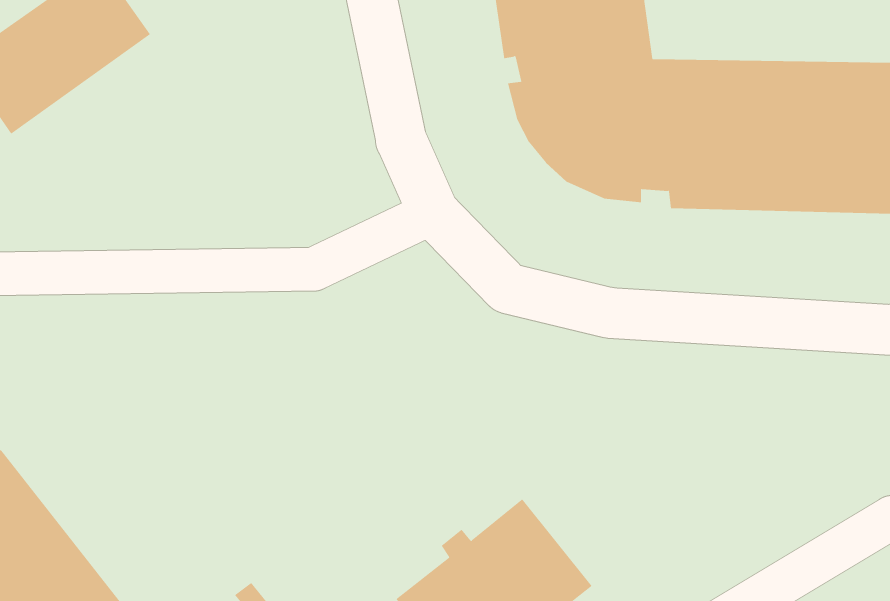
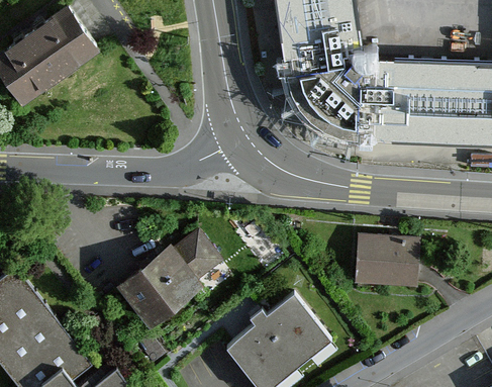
building: none -> [123,235,218,322]
building: none -> [356,238,417,291]

